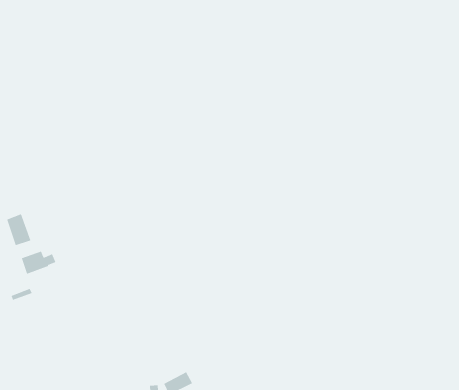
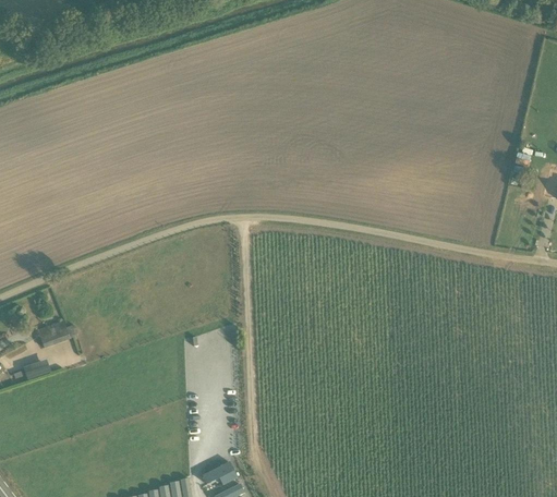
building: [6,213,32,246] -> none

